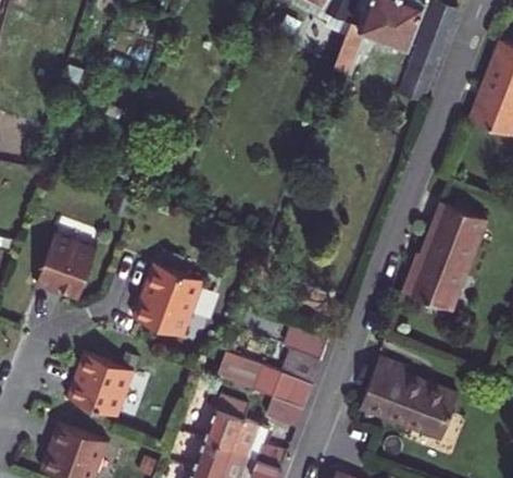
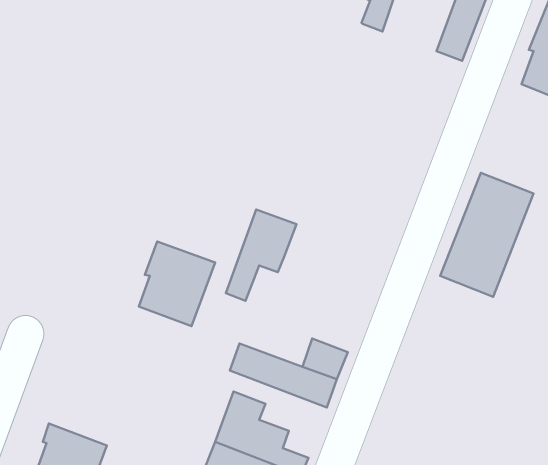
building: [37,232,98,295] -> none
building: none -> [226,210,297,301]
building: [285,322,329,360] -> none
building: [67,354,135,417] -> none
building: [360,359,458,439] -> none

